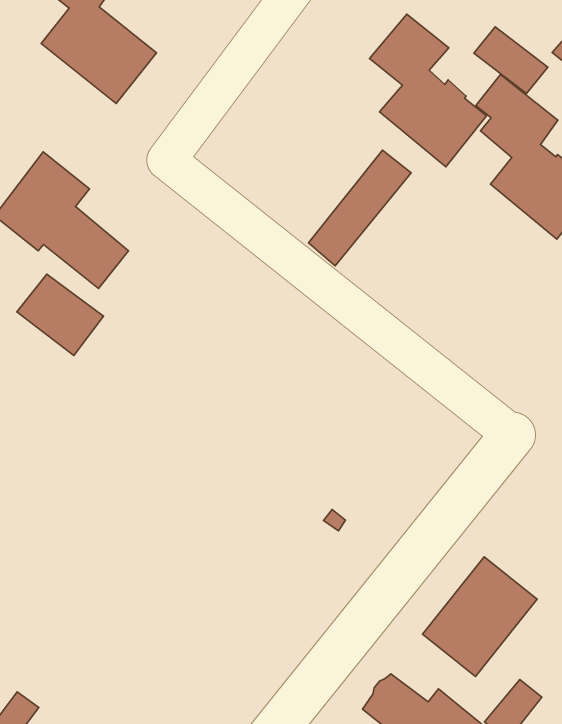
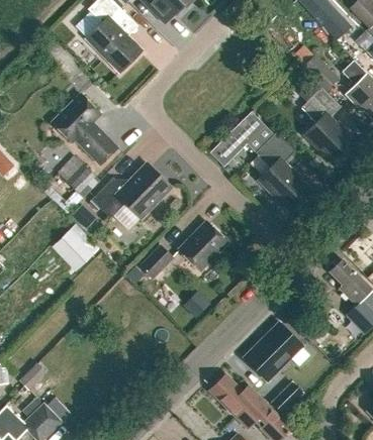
building: [370,14,486,167] -> [255,132,310,211]
building: none -> [92,164,170,218]
building: none -> [179,221,227,270]
building: none -> [53,223,101,271]
building: none -> [139,245,173,278]

